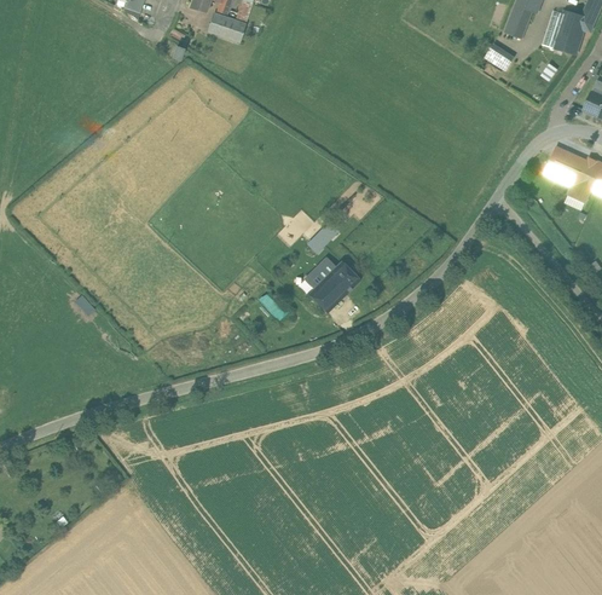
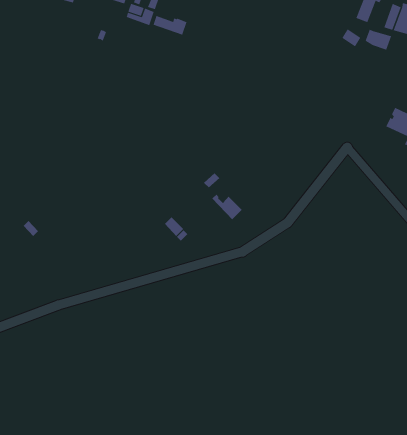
building: none -> [153,15,187,35]
building: none -> [365,29,392,50]
building: [300,265,346,312] -> none

